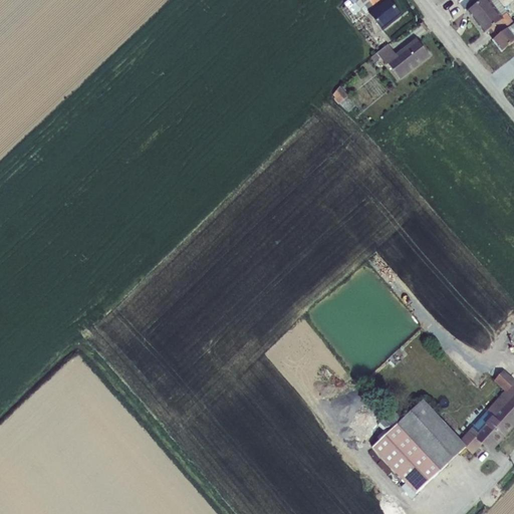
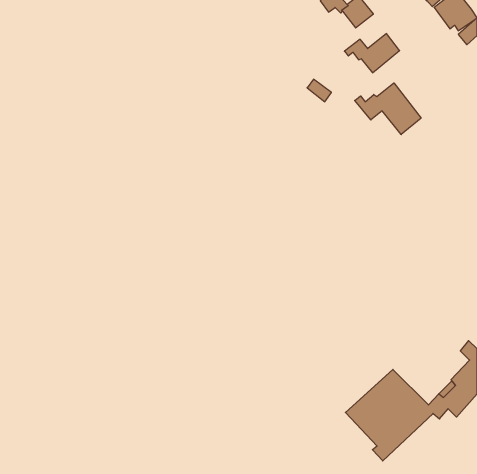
building: none -> [355,83,421,135]

